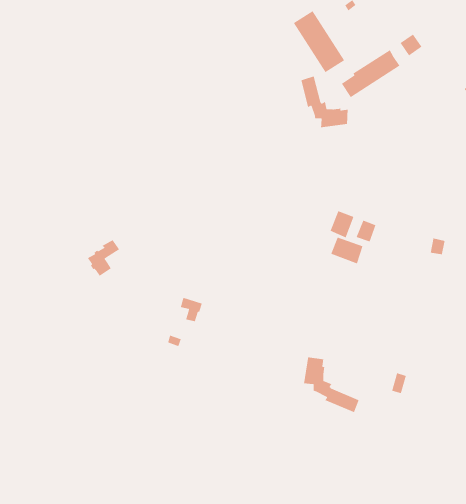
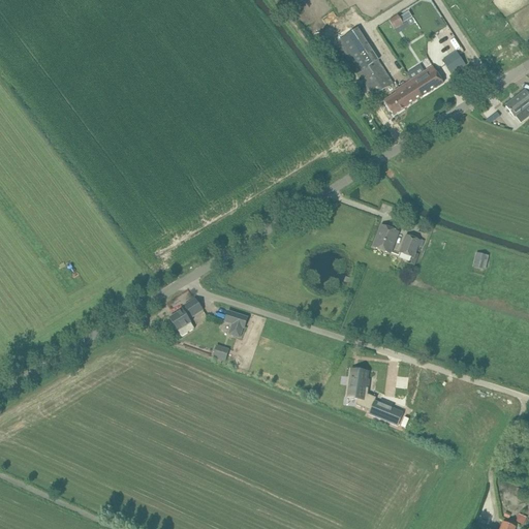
building: [301,75,349,128] -> none
building: [330,236,363,264] -> none
building: [87,239,120,277] -> [169,297,203,334]

